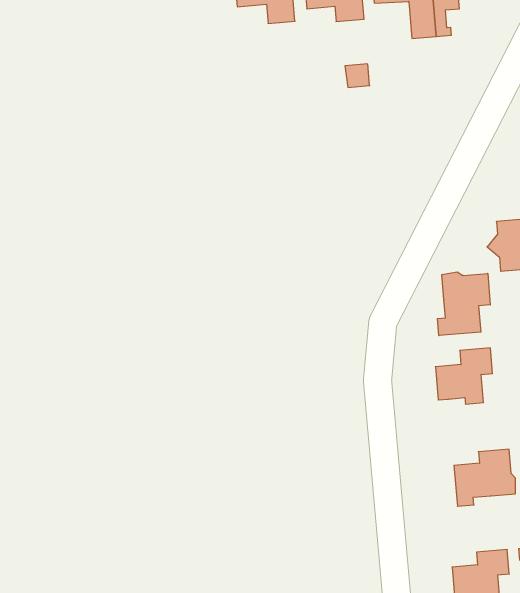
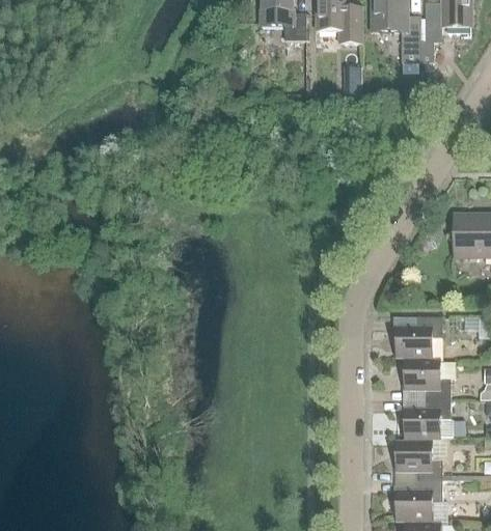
building: [438,272,490,336] -> none
building: none -> [404,355,449,399]
building: none -> [395,436,441,480]

